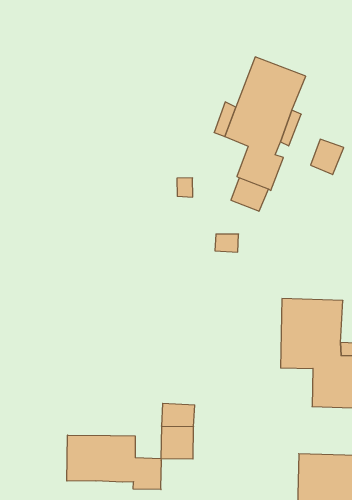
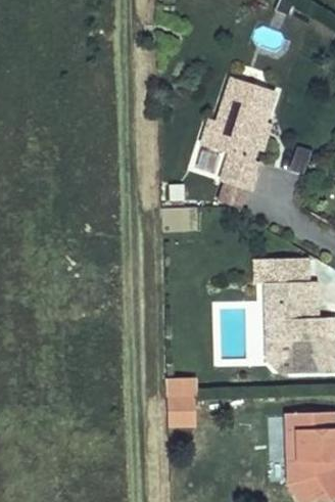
building: none -> [265,258,317,282]
building: none -> [267,340,295,373]
building: [67,435,161,490] -> none

